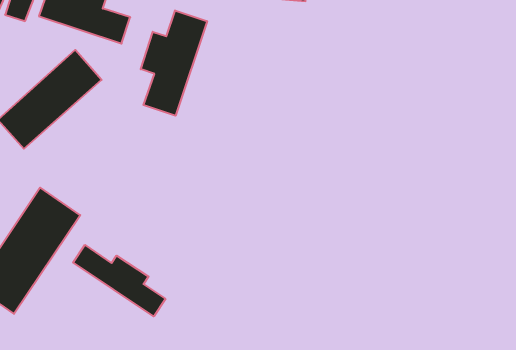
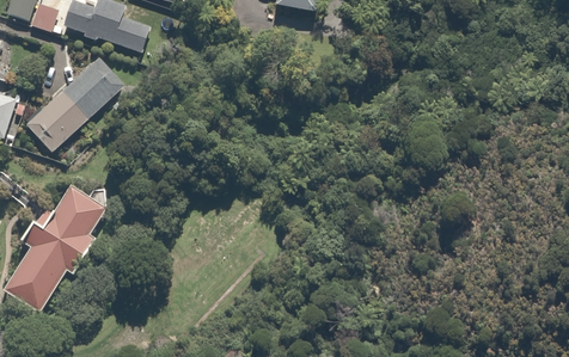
building: [141,10,207,116] -> none
building: [73,245,165,316] -> none

